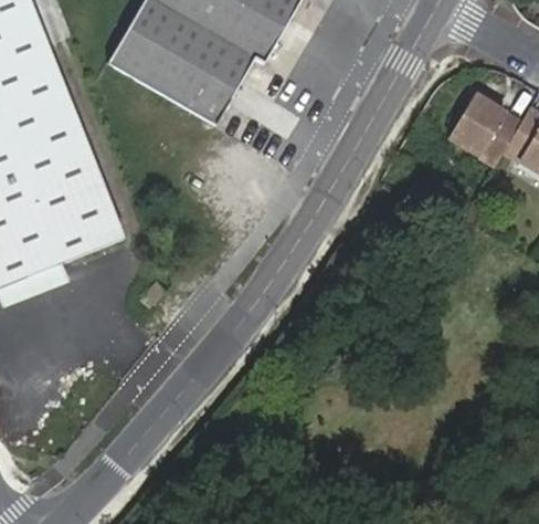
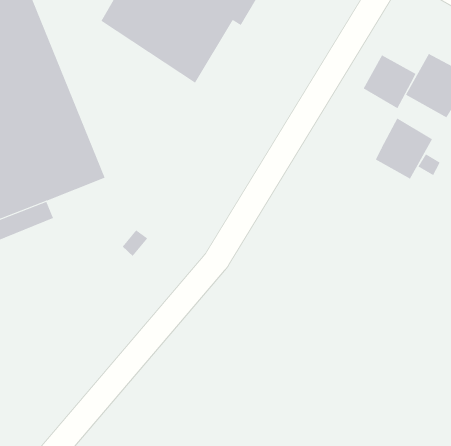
building: none -> [363,54,416,109]
building: none -> [375,118,433,179]

